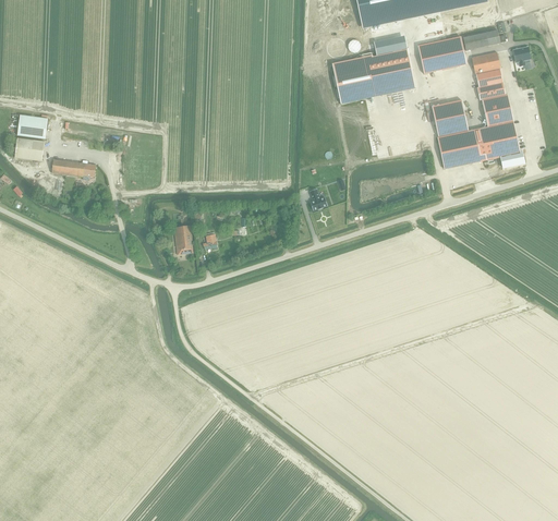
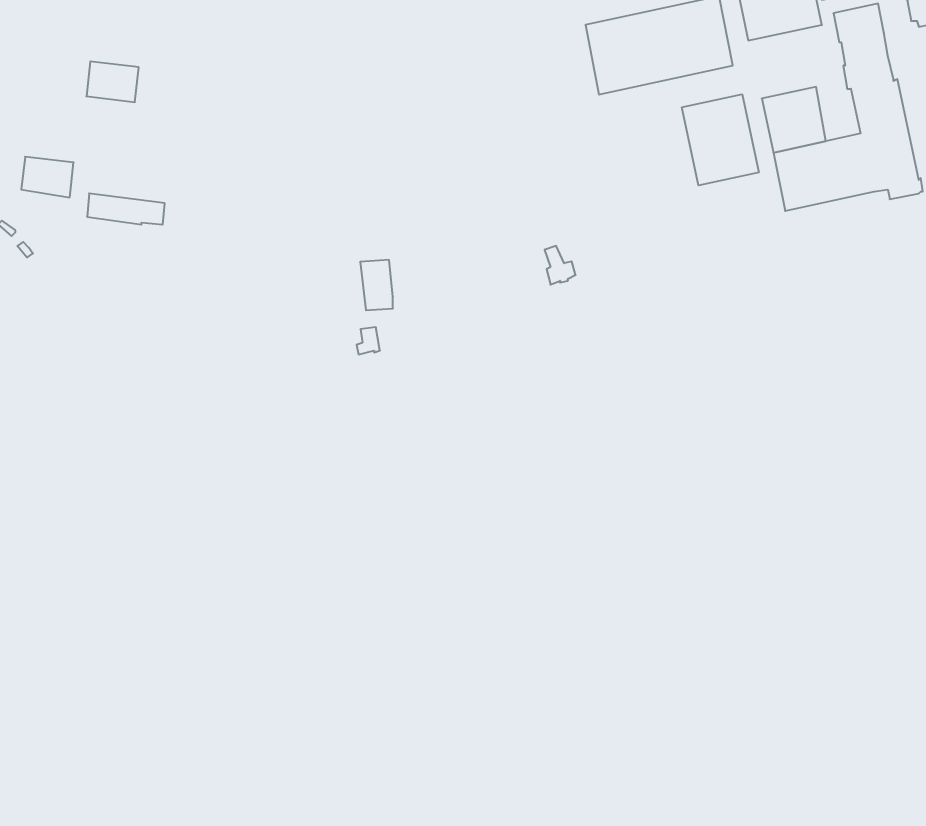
building: none -> [682,94,759,185]
building: [16,116,46,138] -> [86,61,139,102]
building: [173,226,192,254] -> [360,260,393,310]

